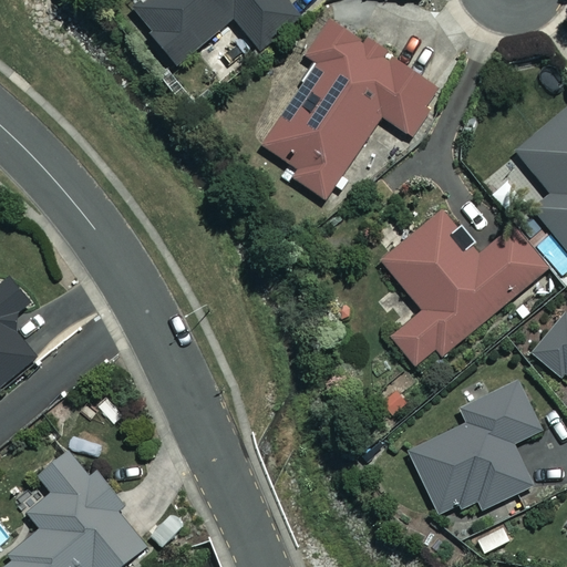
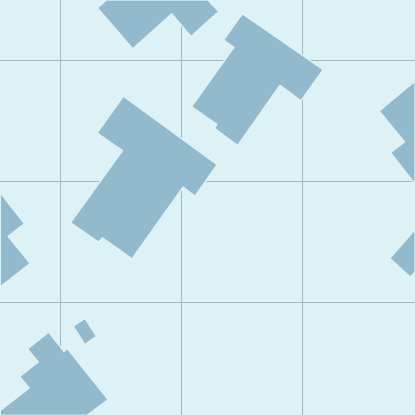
building: none -> [71,96,217,259]
building: [381,209,546,371] -> none
building: [408,382,540,517] -> none

